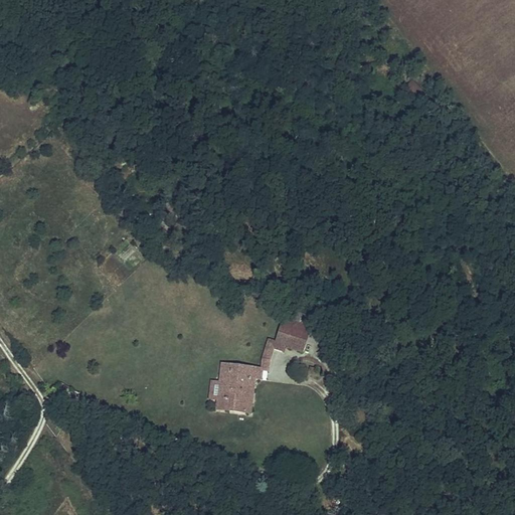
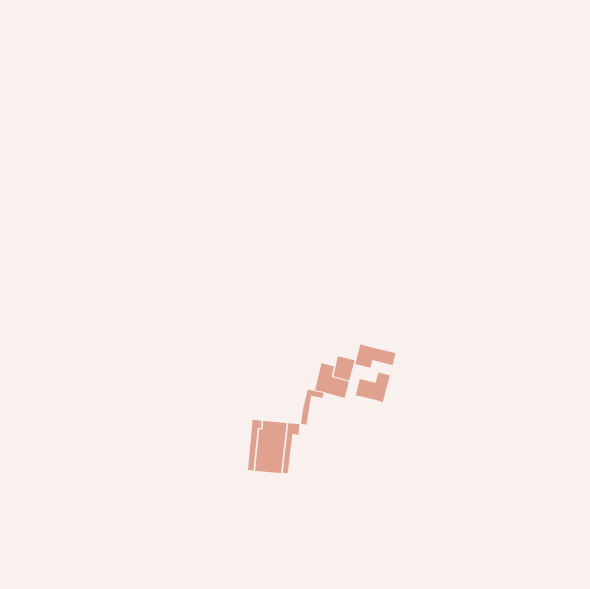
building: none -> [355,344,396,368]
building: none -> [355,372,390,403]

